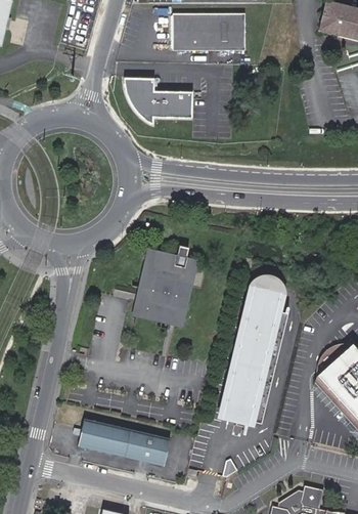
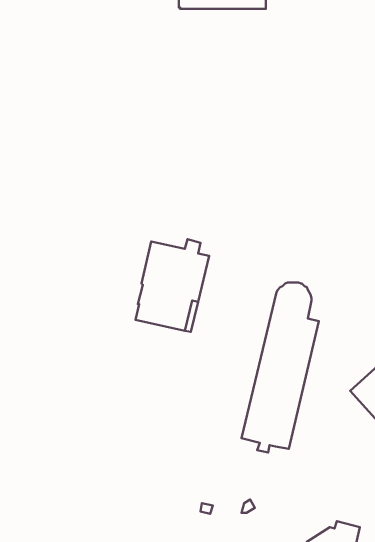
building: [120,79,190,125] -> none
building: [84,422,177,469] -> none

